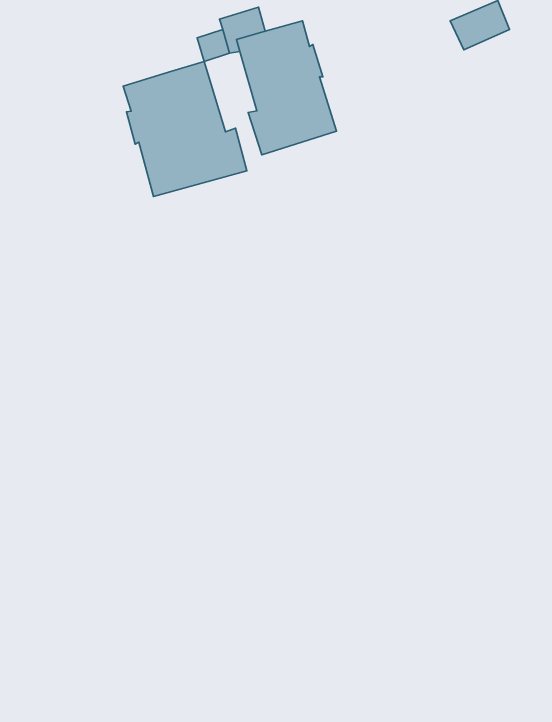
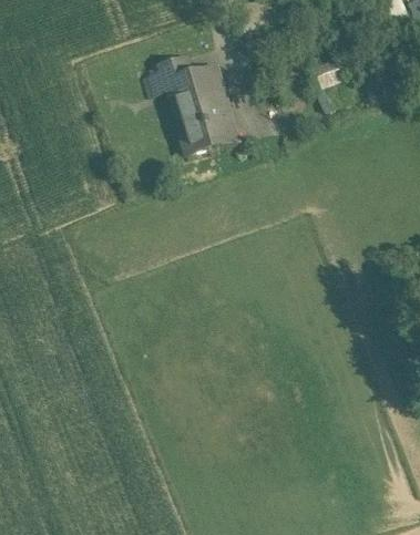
building: [123,62,247,197] -> none

